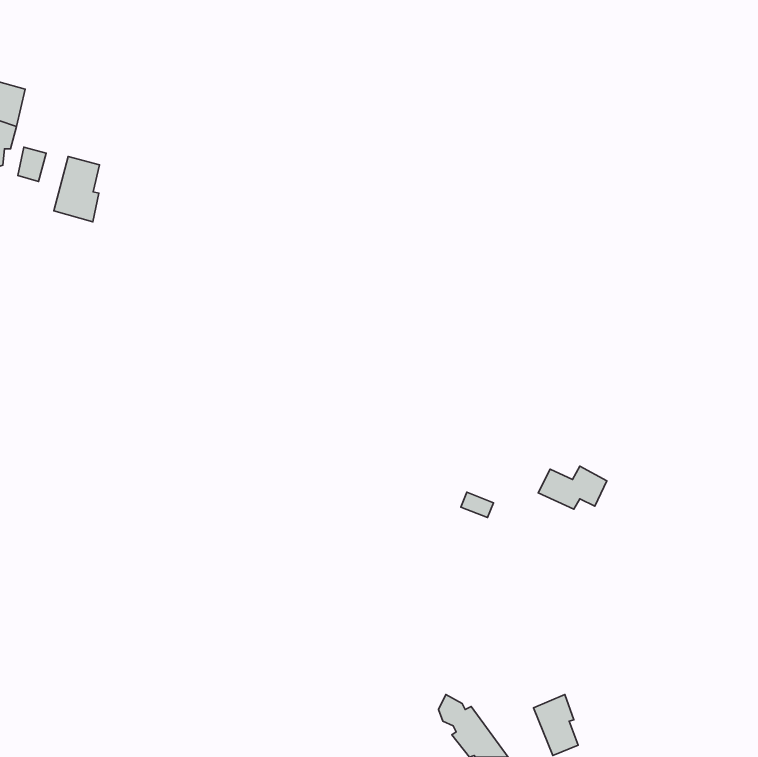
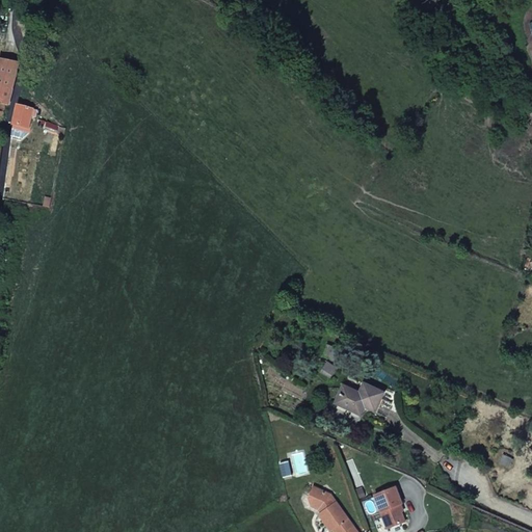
building: [54,156,100,222] -> none
building: [538,466,607,509] -> [334,382,381,413]

